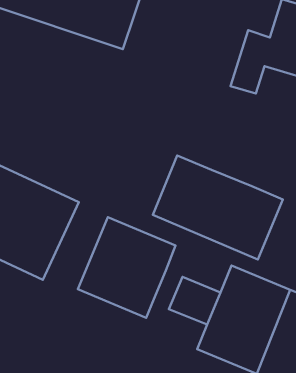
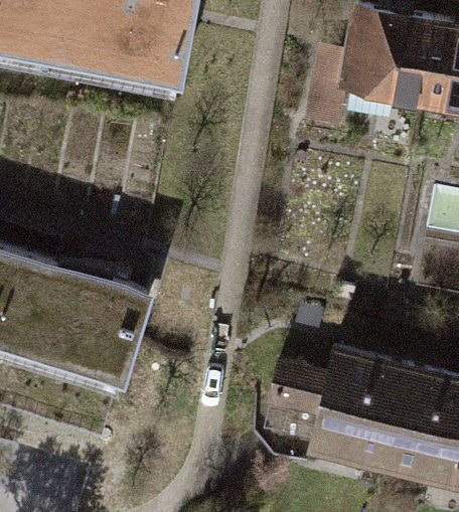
building: [153,155,283,259] -> none
building: [78,217,175,318] -> none

